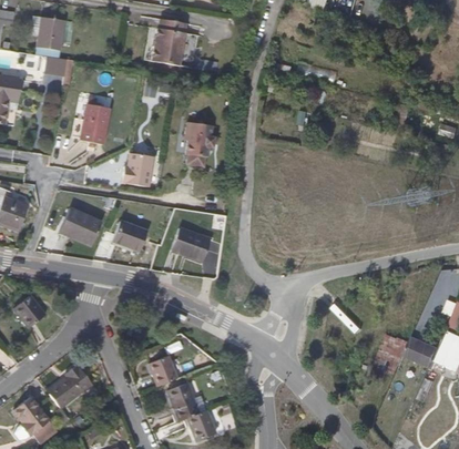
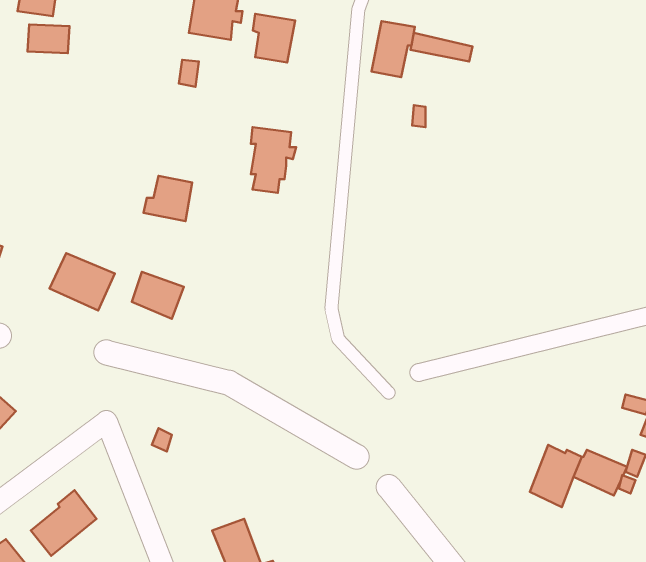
building: none -> [253,14,295,62]
building: none -> [371,21,415,77]
building: [81,103,111,143] -> none
building: [171,226,211,261] -> none
building: [149,355,177,386] -> none

